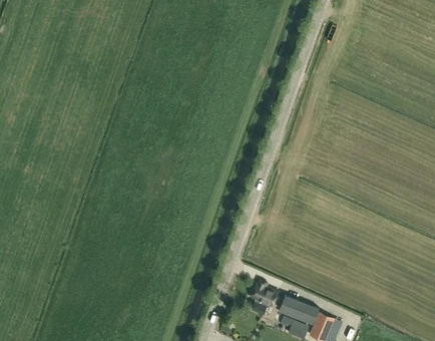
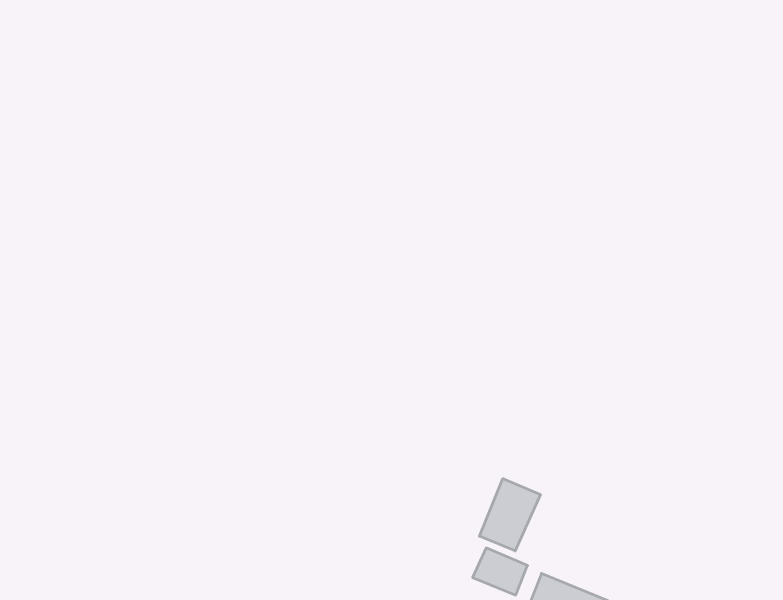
building: none -> [479,479,540,551]

